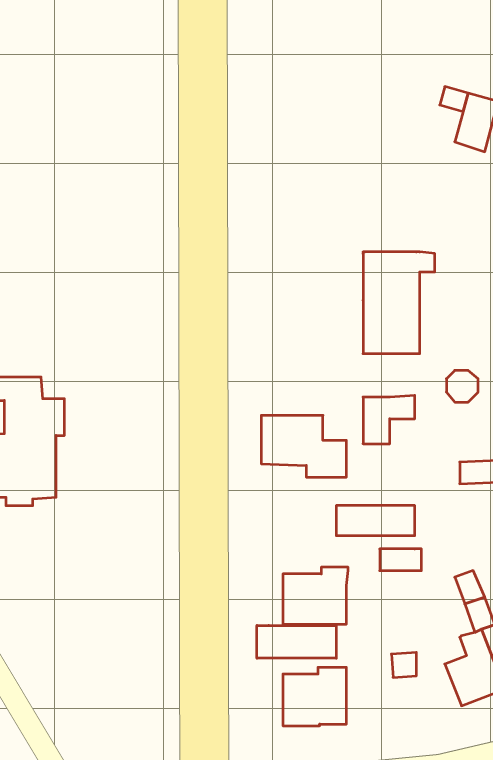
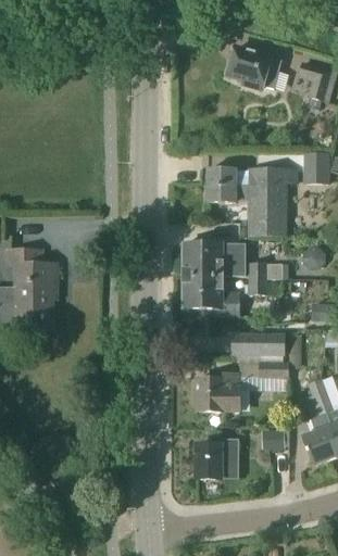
building: none -> [227,46,281,88]
building: none -> [304,152,328,181]
building: none -> [206,168,249,201]
building: none -> [183,242,246,275]
building: [257,625,336,658] -> none

